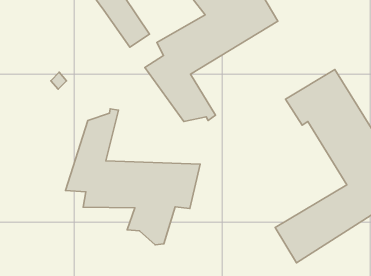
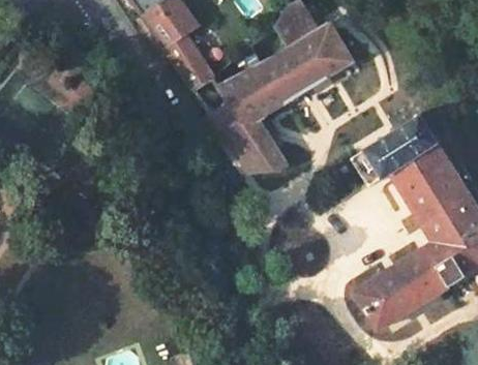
building: [66,109,200,245] -> none

